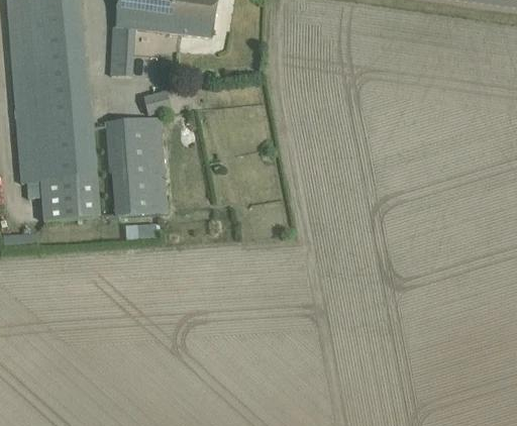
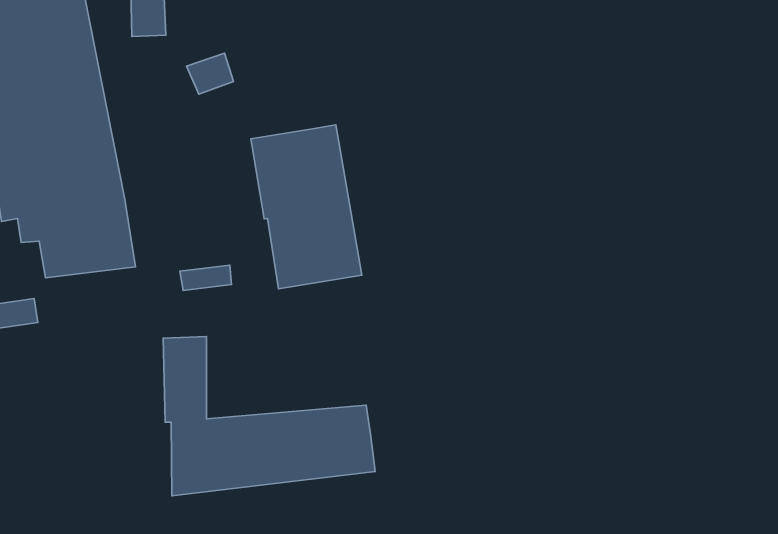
building: [105,116,167,215] -> [251,125,362,289]
building: none -> [163,336,375,496]

